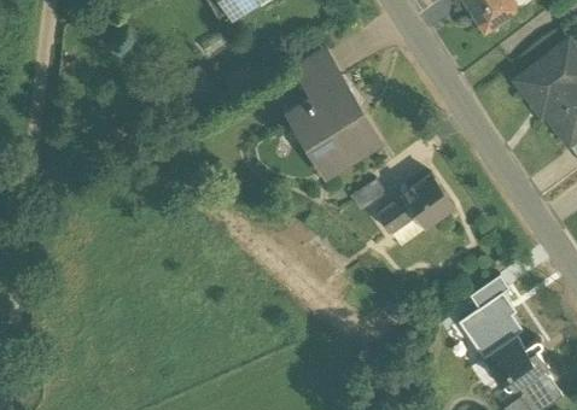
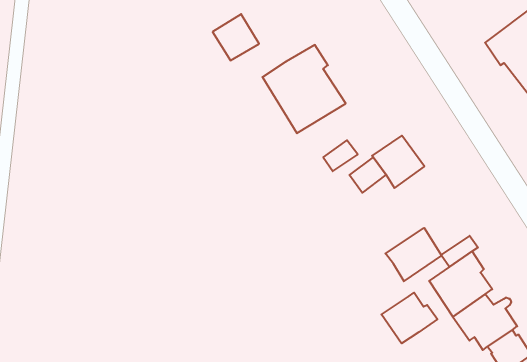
building: [296,52,343,99] -> [213,14,259,60]
building: none -> [385,228,441,281]
building: none -> [381,293,437,343]

